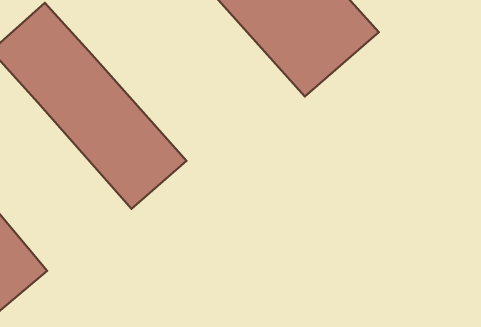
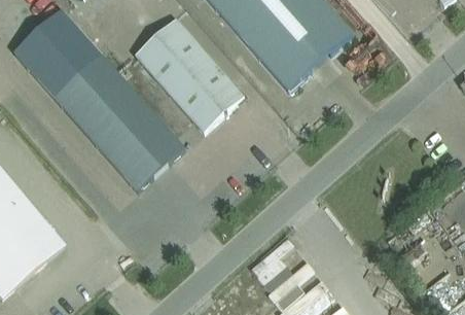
building: none -> [135,19,244,132]

